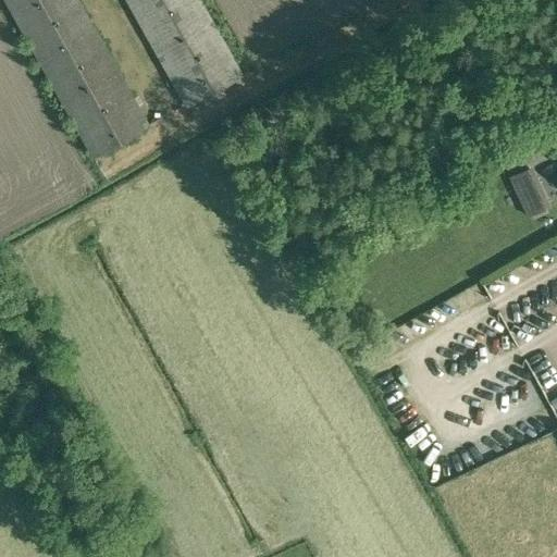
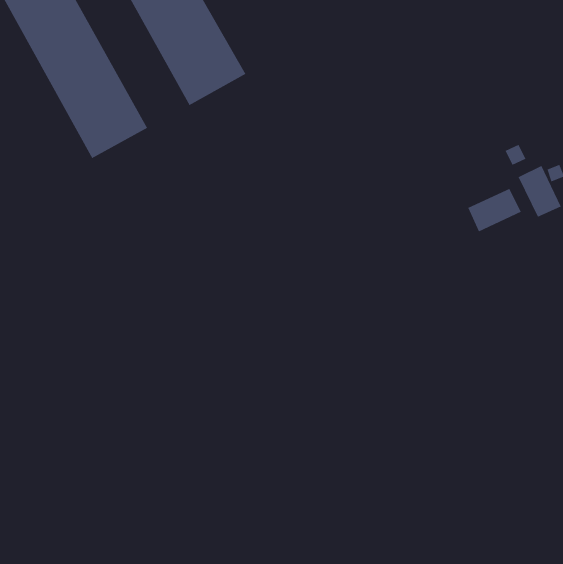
building: none -> [467,188,522,233]

